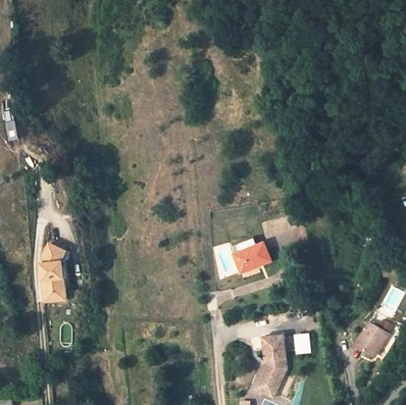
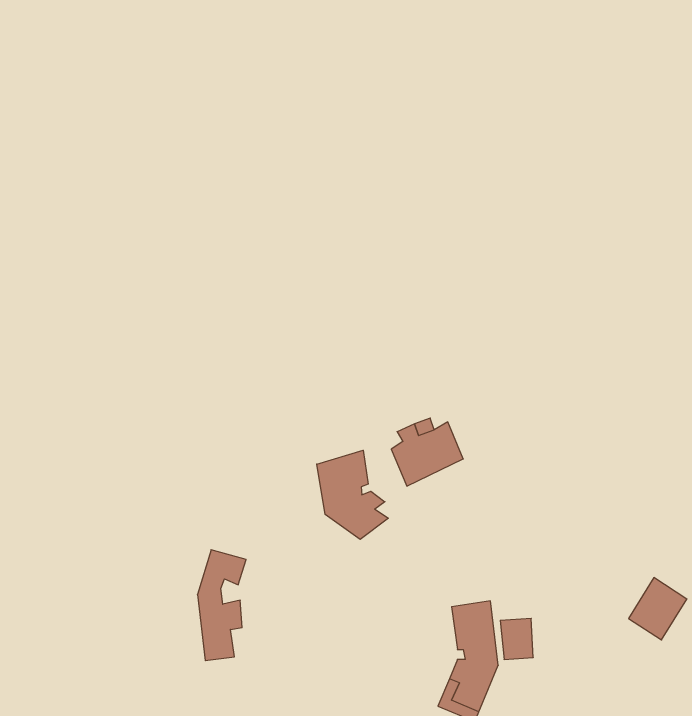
building: [40,240,65,298] -> [197,550,246,661]
building: none -> [317,450,388,539]

